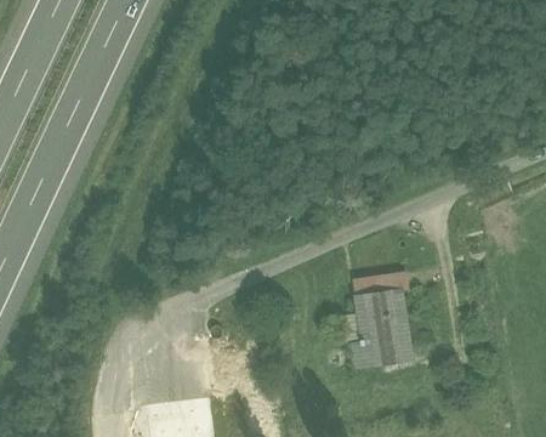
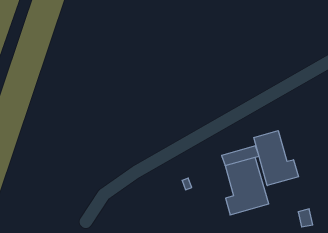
building: none -> [254,131,299,186]

